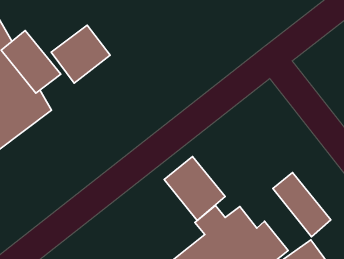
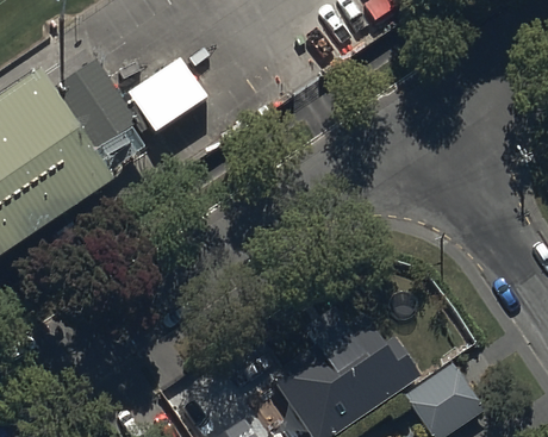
building: [164,157,225,221] -> none
building: [273,173,331,237] -> none

